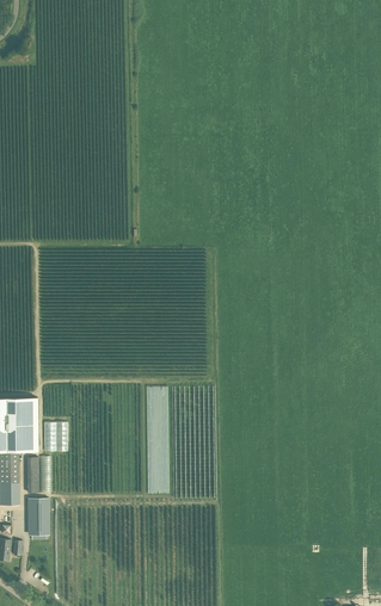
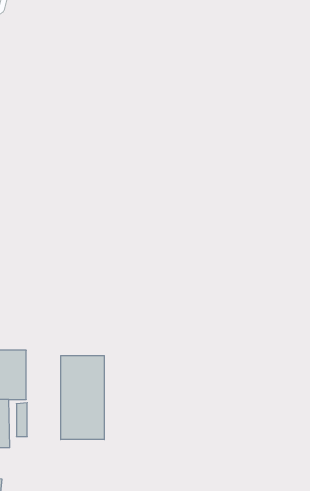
building: none -> [61,356,104,440]
building: [26,497,49,533] -> none

